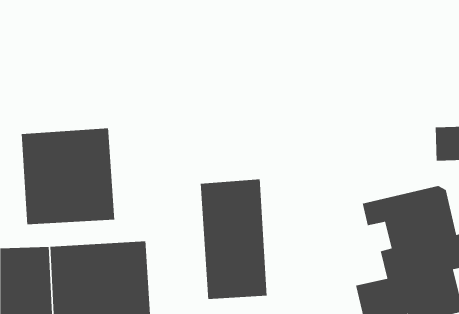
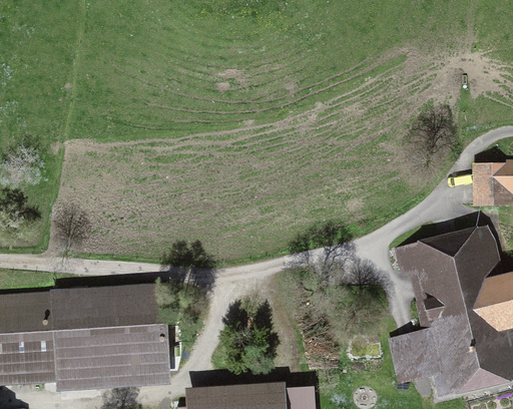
building: [21,127,115,225] -> none
building: [200,178,267,300] -> none

